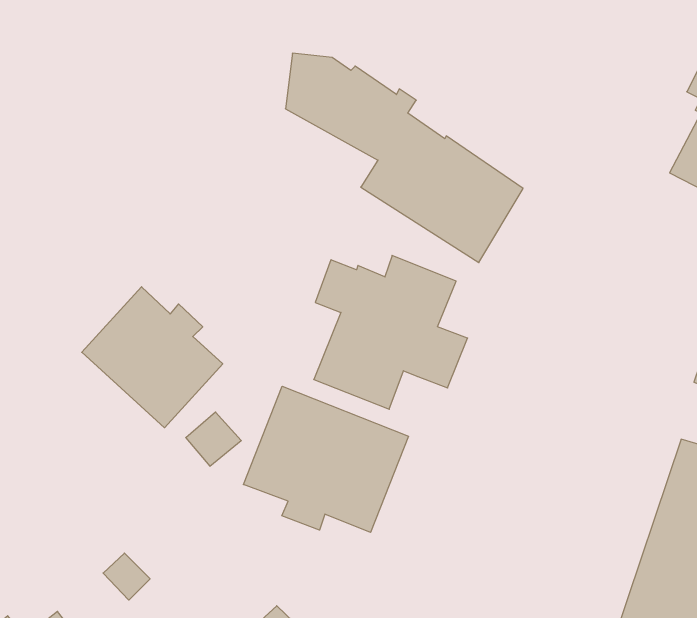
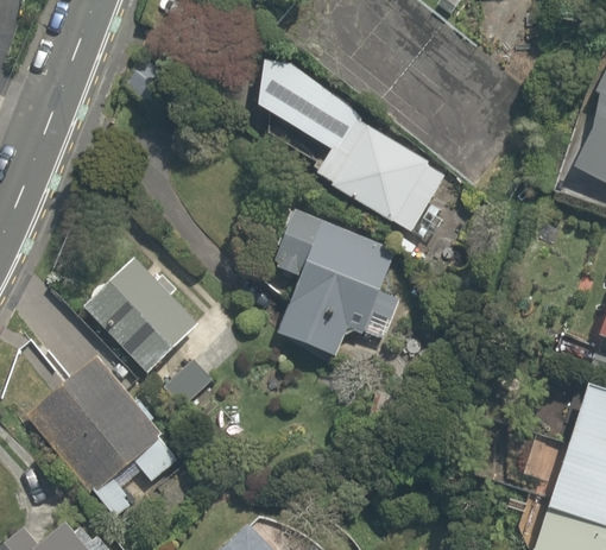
building: [243,386,409,532] -> none
building: none -> [36,360,182,486]

